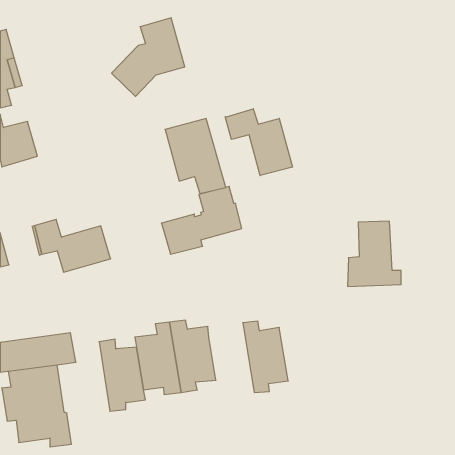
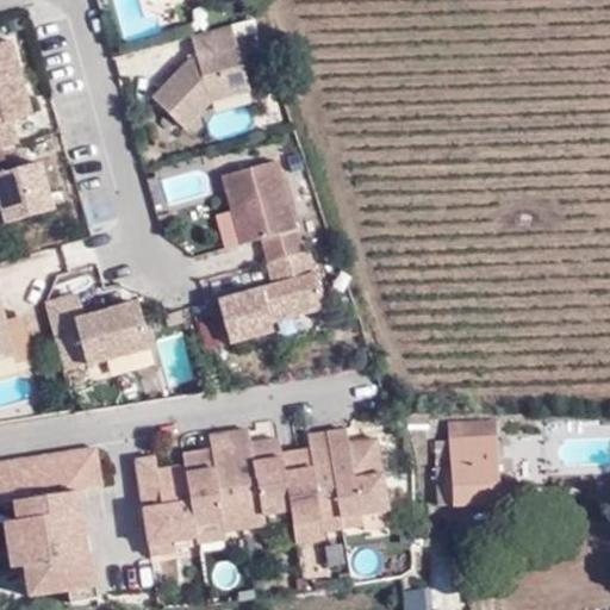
building: [225,109,293,176] -> none
building: [348,221,401,286] -> [437,421,509,508]
building: none -> [280,432,341,529]

